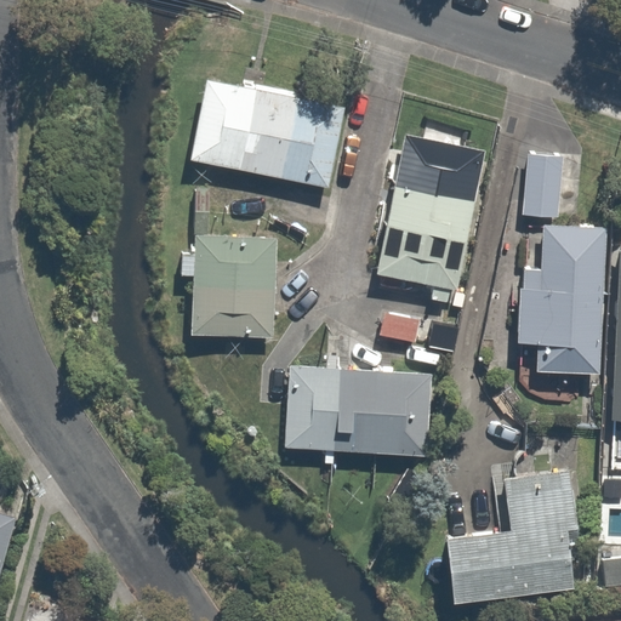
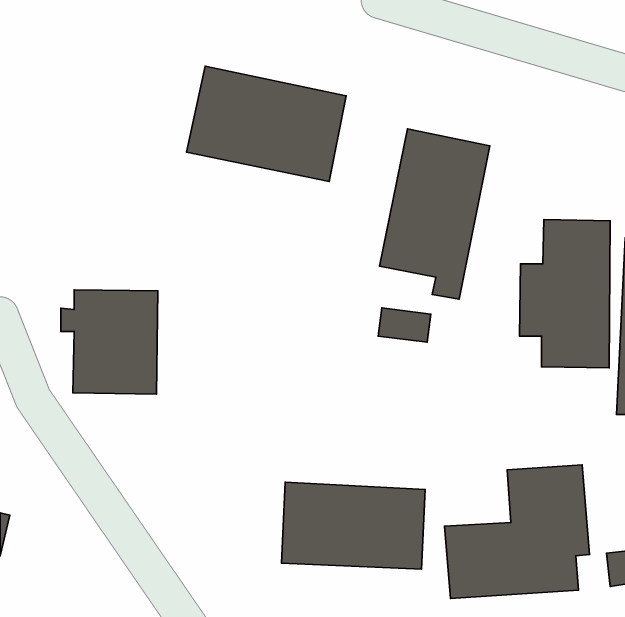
building: [523,154,564,218] -> none
building: [180,237,275,340] -> [61,290,158,394]
building: [286,368,428,454] -> [282,482,425,569]

